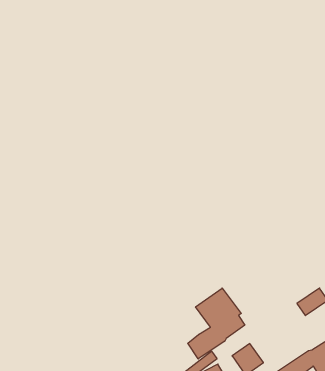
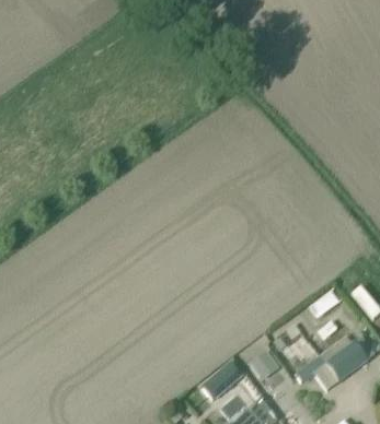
building: [188,288,245,359] -> none

